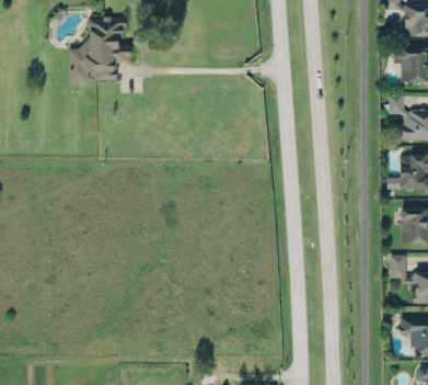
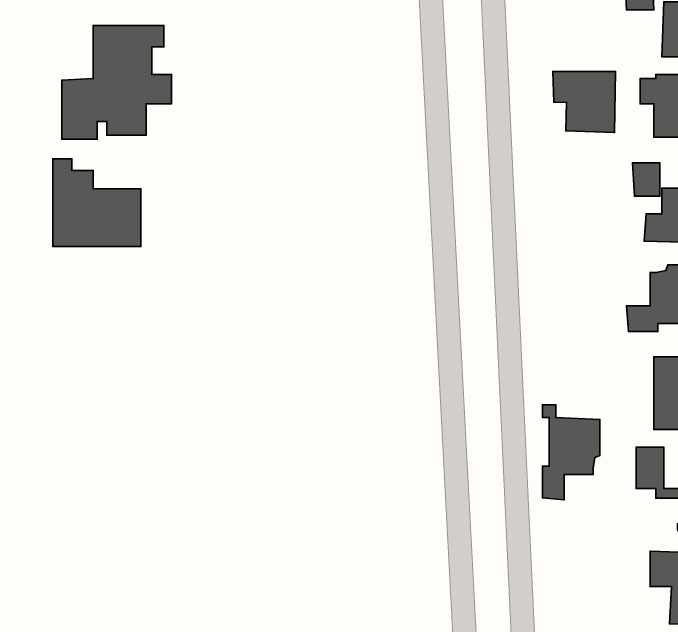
building: none -> [553,72,616,132]
building: none -> [53,159,141,247]
building: none -> [542,405,600,500]

